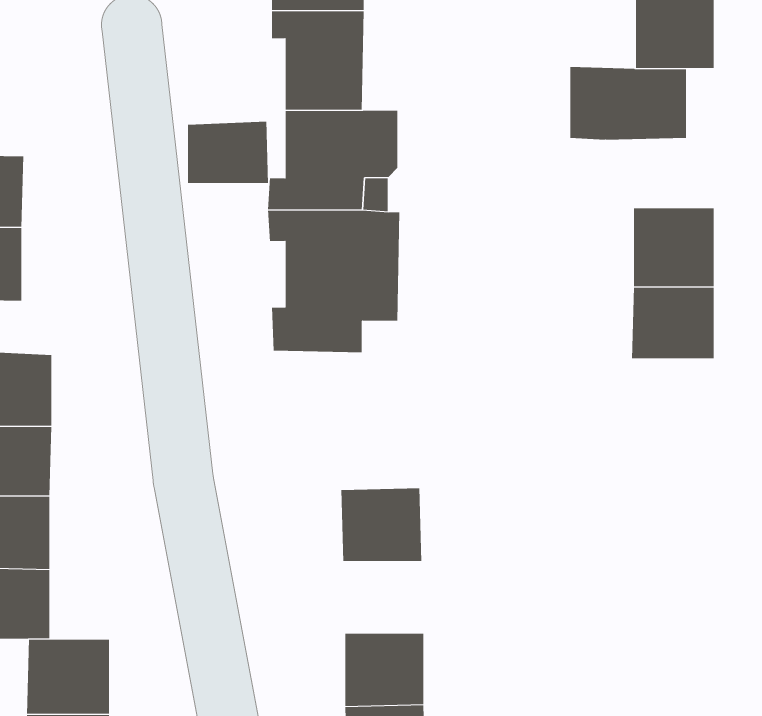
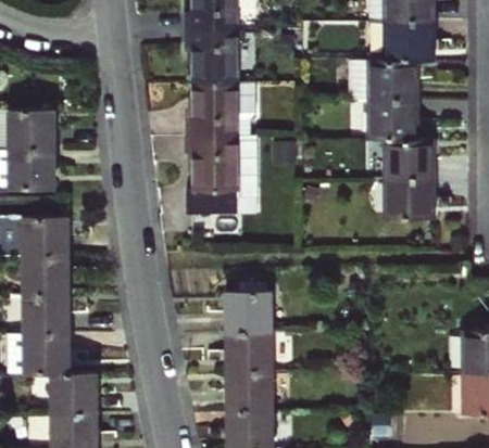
building: [187,121,269,184] -> none
building: none -> [369,99,414,137]
building: none -> [226,330,271,369]

